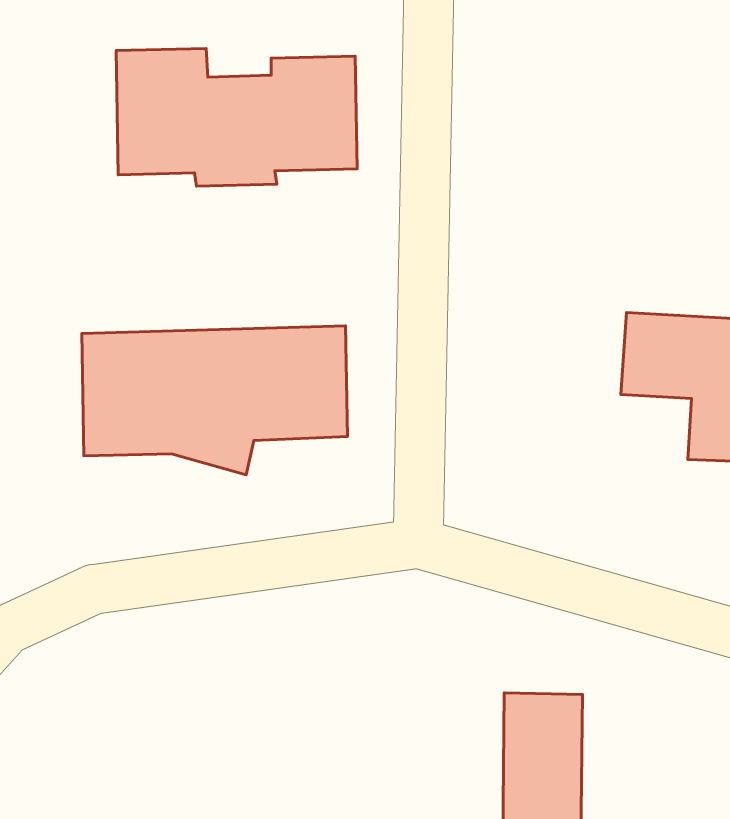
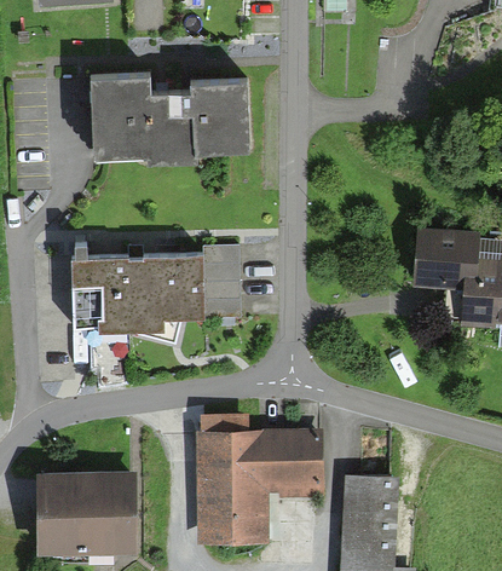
building: none -> [196,416,316,543]
building: none -> [40,473,135,553]

